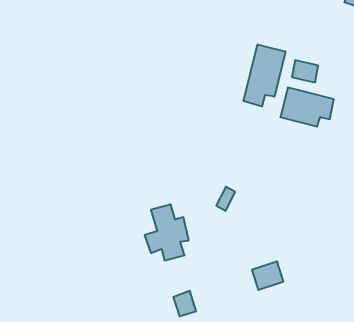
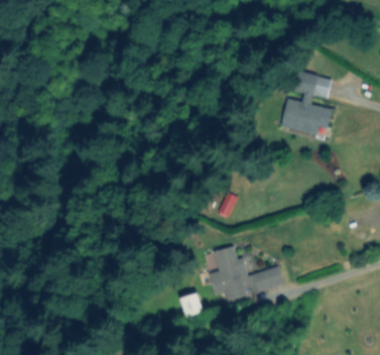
building: [243,44,285,107] -> none
building: [145,205,189,261] -> [209,246,251,300]

